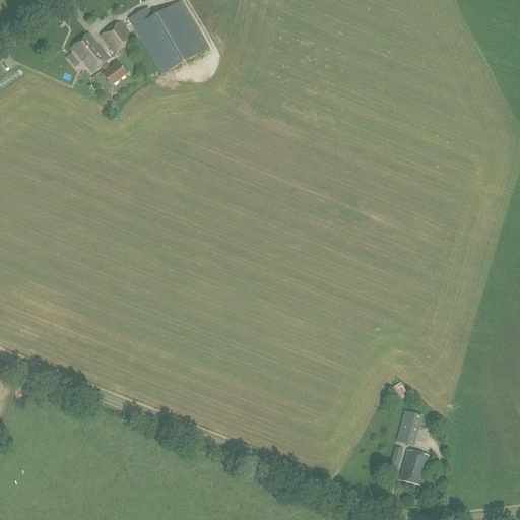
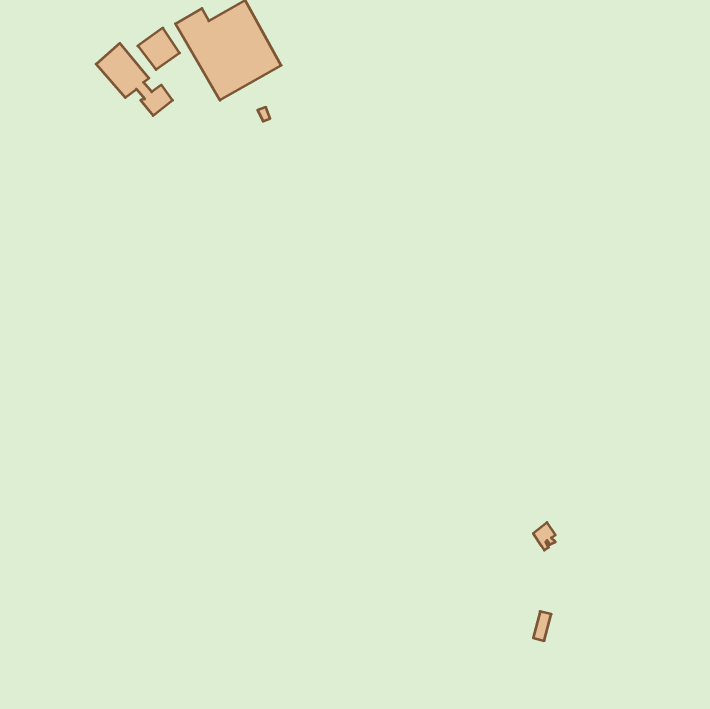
building: [395,410,421,445] -> none
building: [398,449,429,484] -> none

